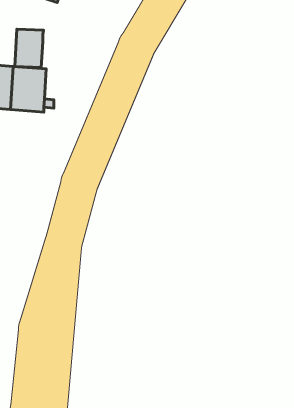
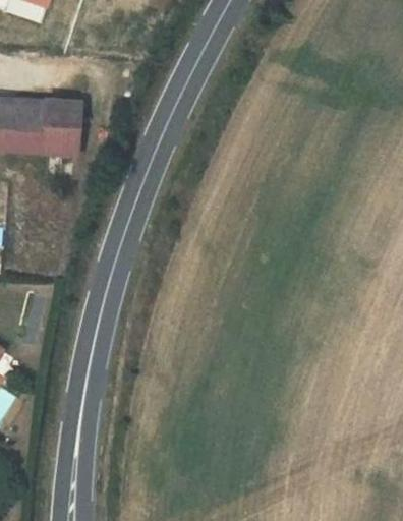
building: [15,29,43,68] -> none

